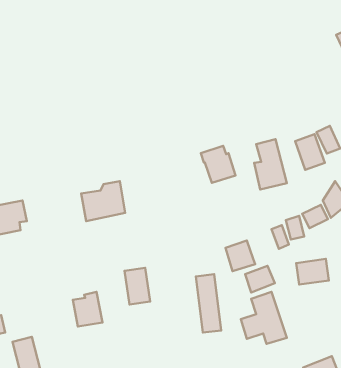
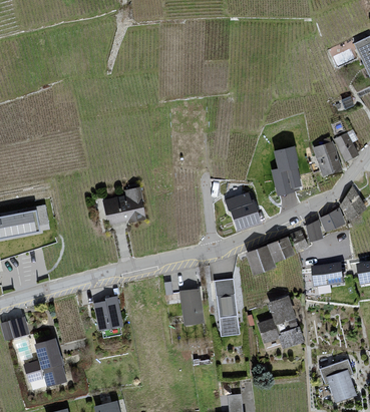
building: [201,146,236,183] -> [226,192,260,229]
building: [245,266,275,292] -> [265,237,294,263]
building: [125,268,150,305] -> [178,288,204,324]

